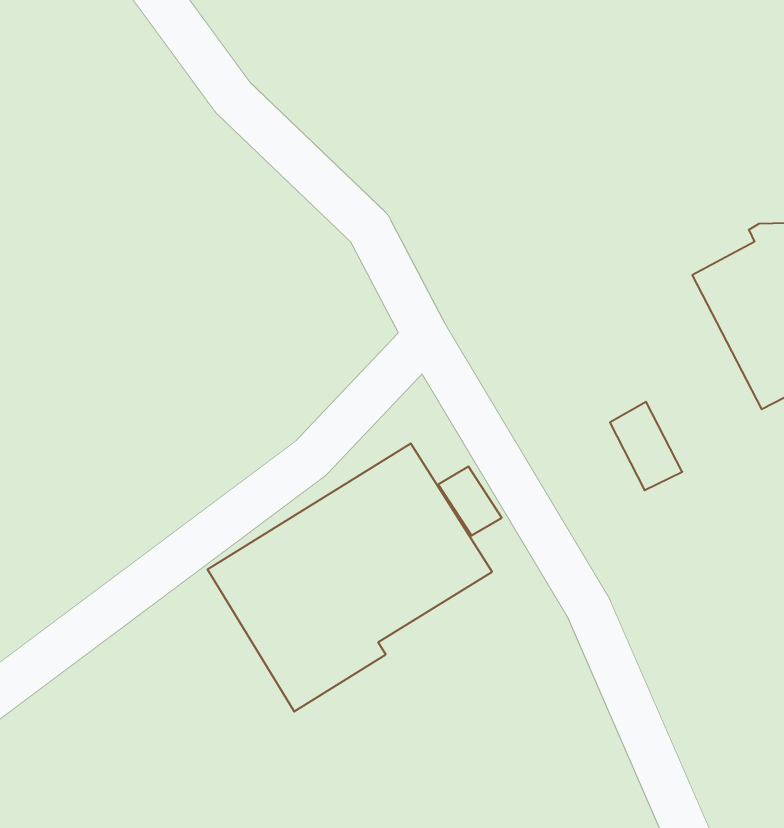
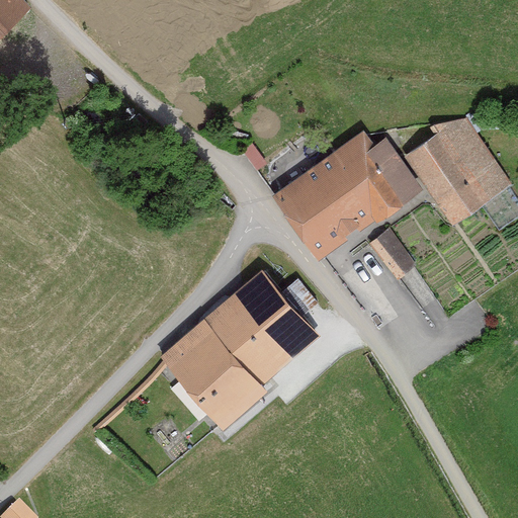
building: none -> [271,132,422,261]

